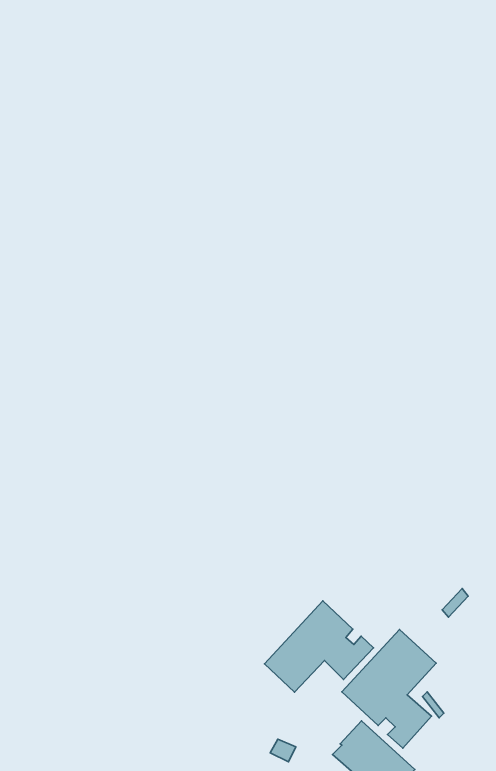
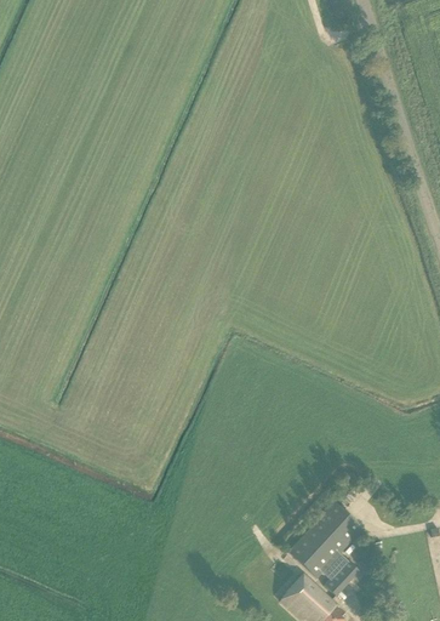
building: [264,601,373,692] -> none

